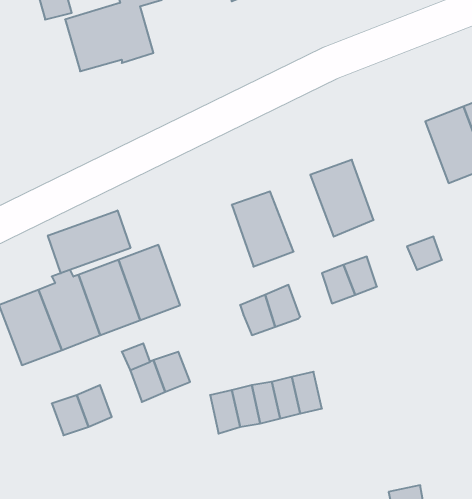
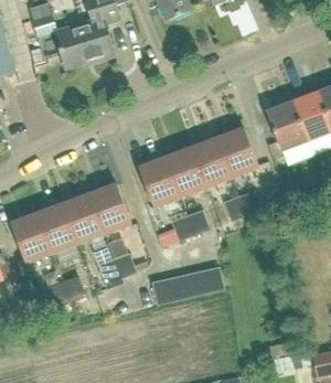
building: none -> [266,100,309,151]
building: none -> [191,132,233,187]
building: none -> [138,156,180,206]
building: [48,210,130,273] -> none

